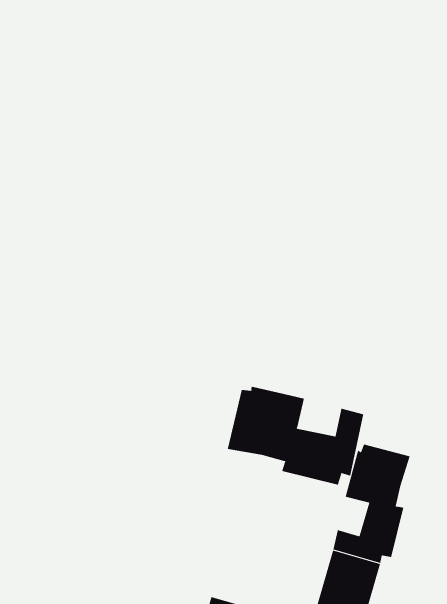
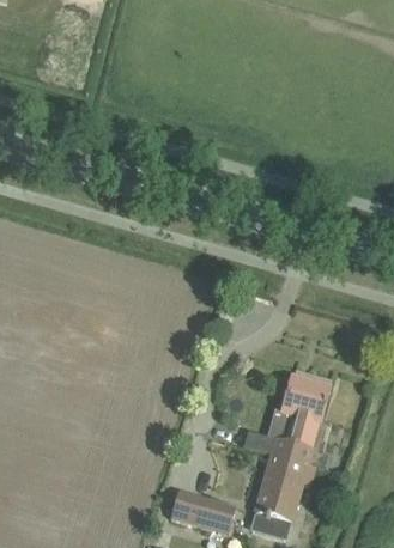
building: [227,386,364,485] -> none

